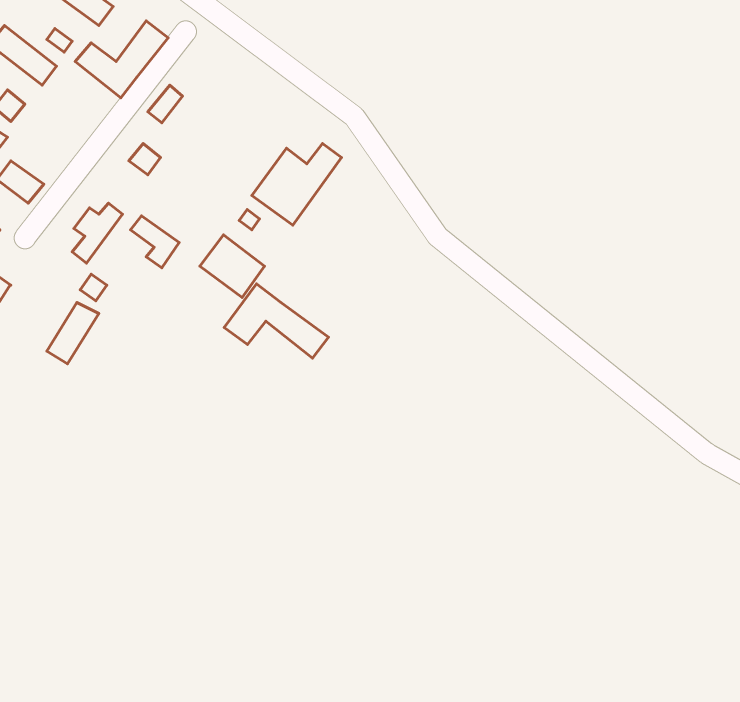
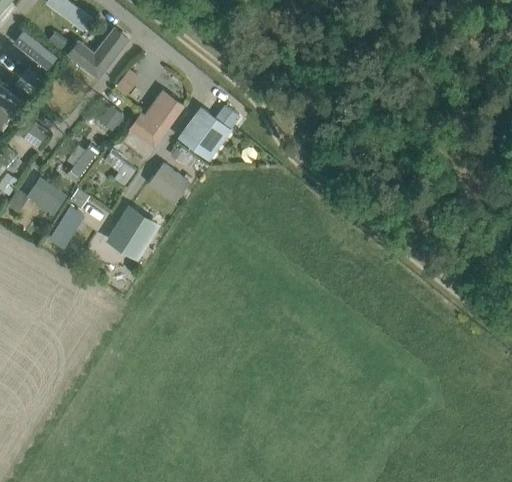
building: none -> [129,95,183,145]
building: none -> [32,178,65,213]
building: [224,284,328,358] -> none
building: none -> [108,214,152,258]

